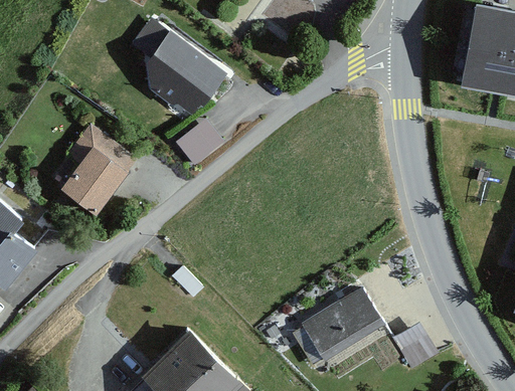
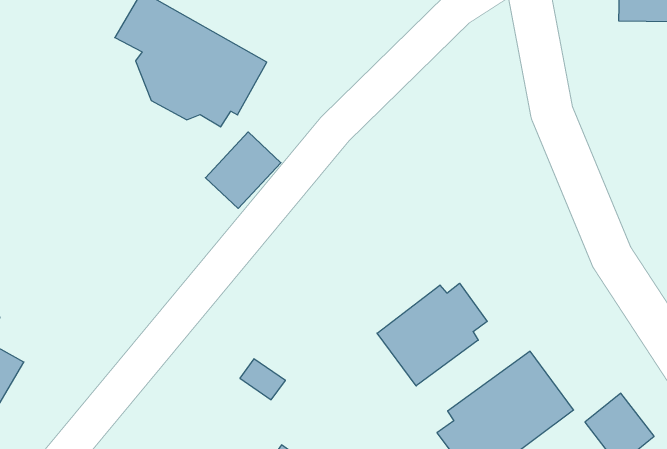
building: [63,122,138,212] -> none
building: none -> [377,283,487,386]

